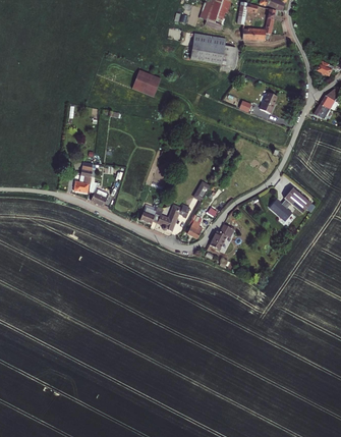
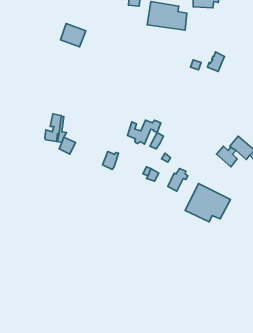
building: [131,69,160,96] -> [61,24,86,47]
building: [152,204,189,231] -> [127,120,161,144]
building: none -> [185,184,230,222]

